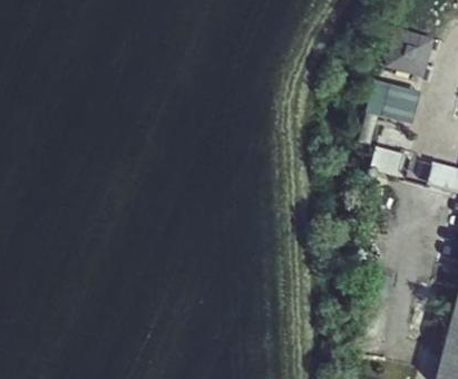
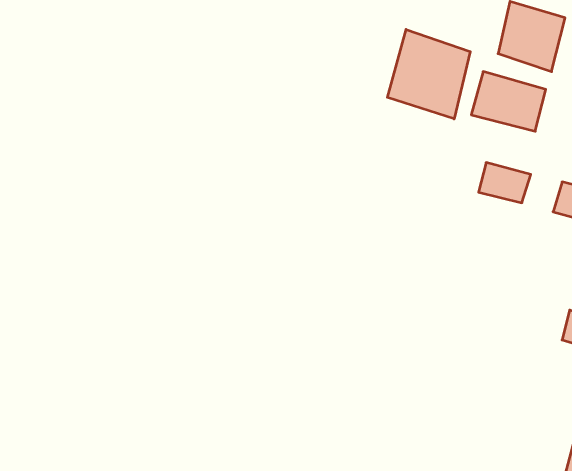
building: none -> [387,29,470,119]

